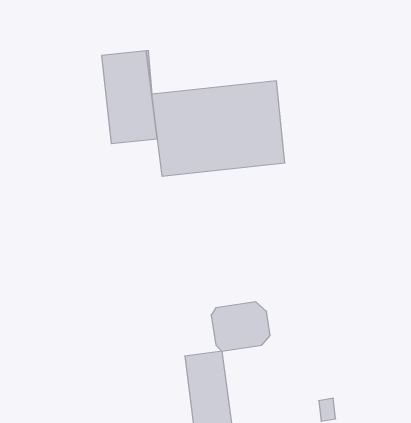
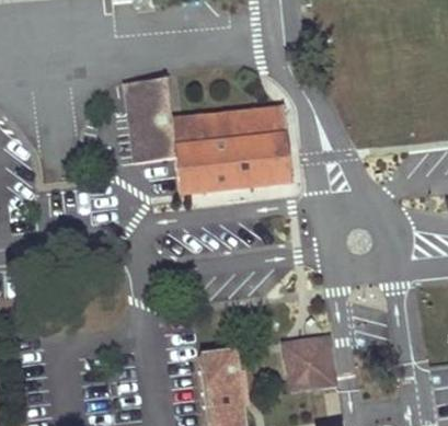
building: [211,302,270,351] -> [278,342,332,387]

